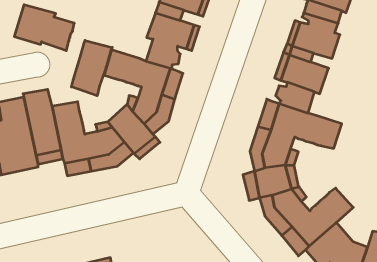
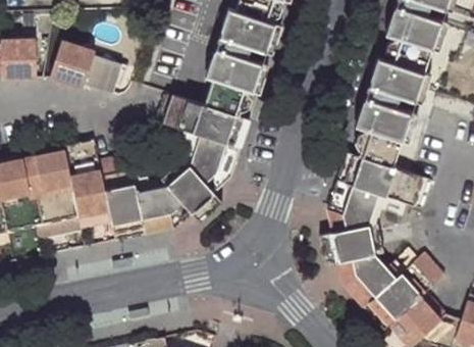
building: [71,40,112,96] -> none

